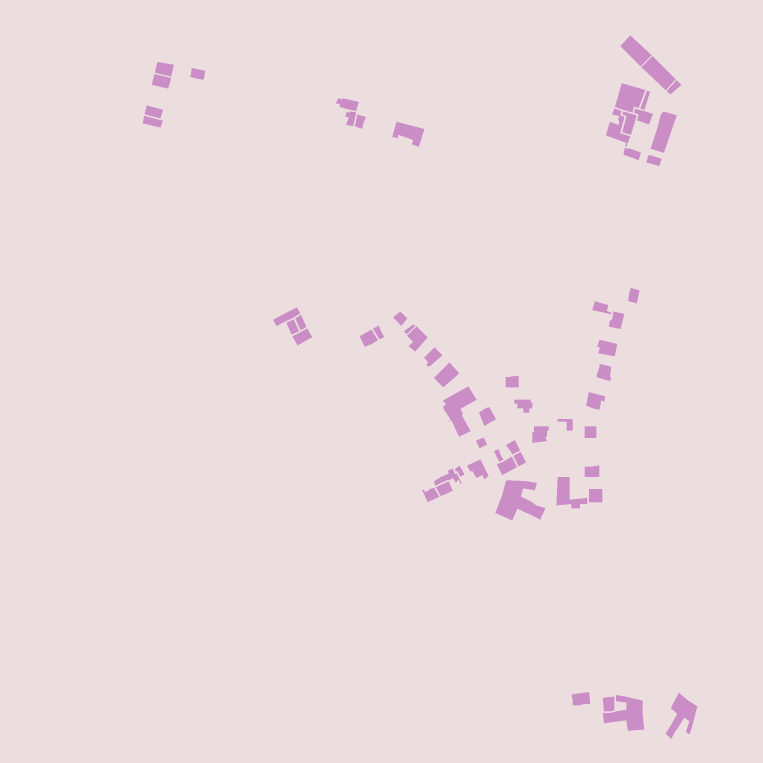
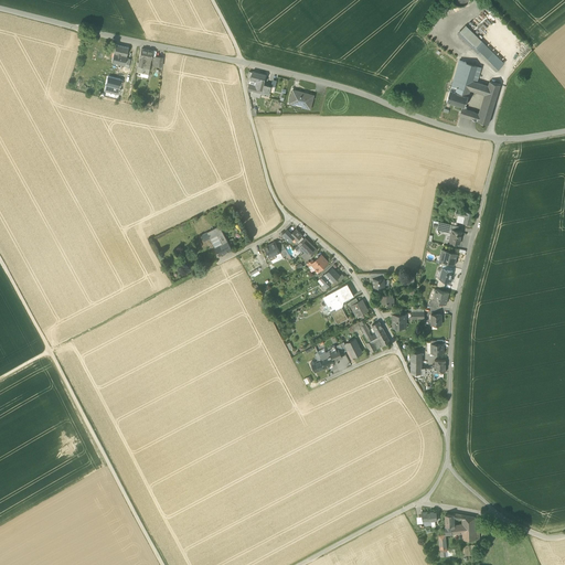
building: [494,480,547,521] -> none
building: [665,691,698,740] -> none

